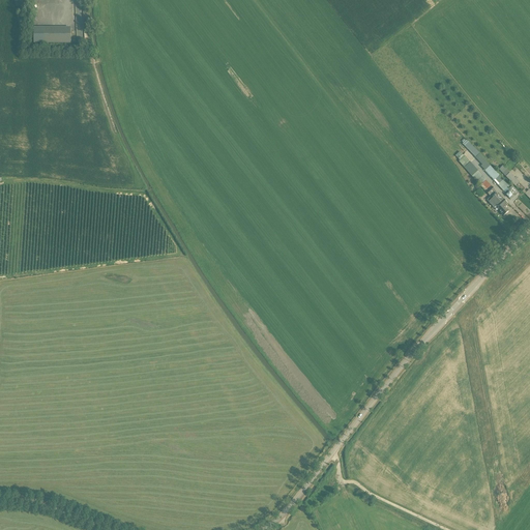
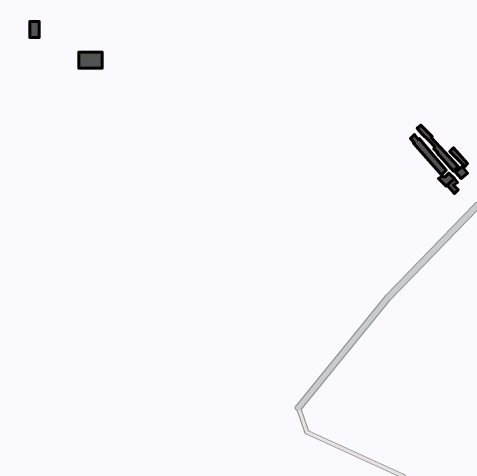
building: [43,24,69,41] -> [79,52,102,68]

